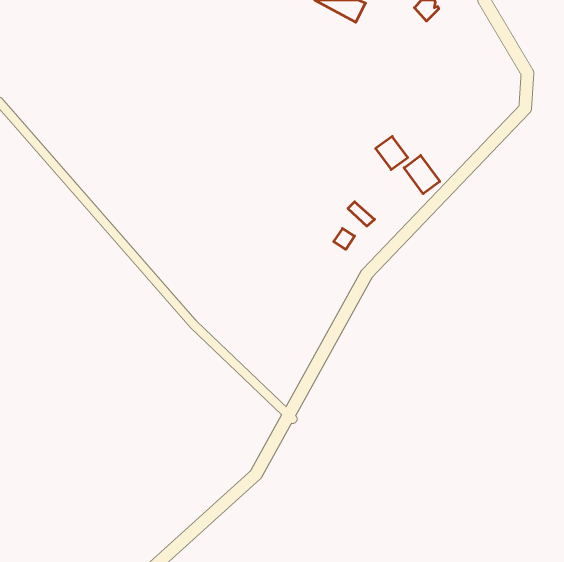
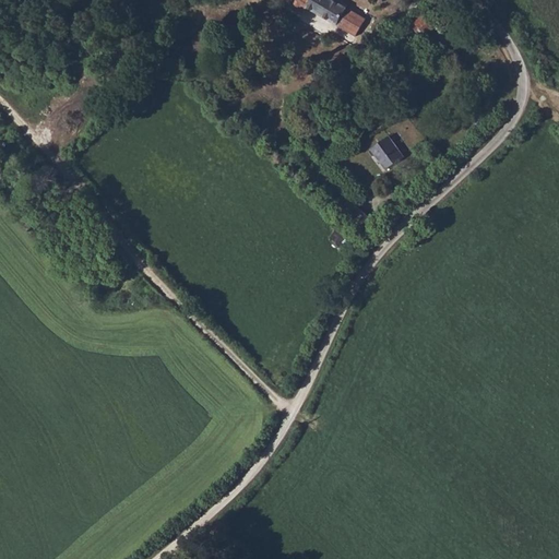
building: [404,155,440,194] -> none

